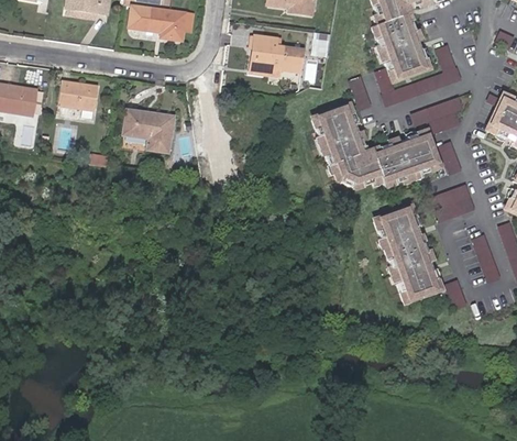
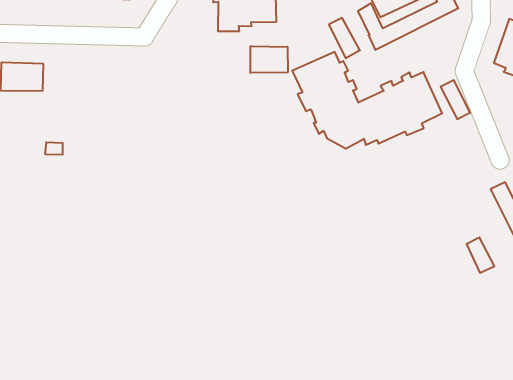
building: none -> [250,46,288,73]
building: [411,97,464,135] -> none
building: [121,110,172,153] -> none
building: [429,184,476,223] -> none
building: [366,209,432,304] -> none

